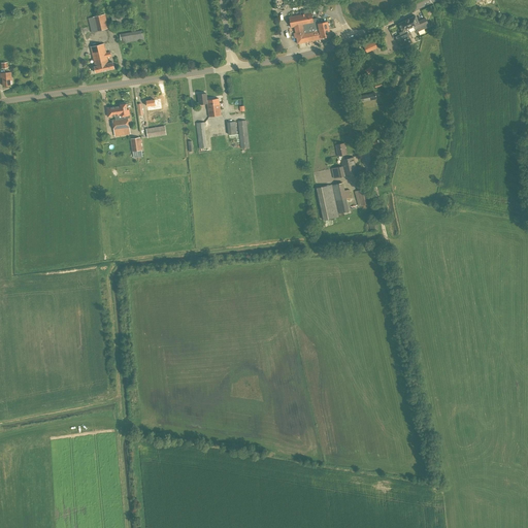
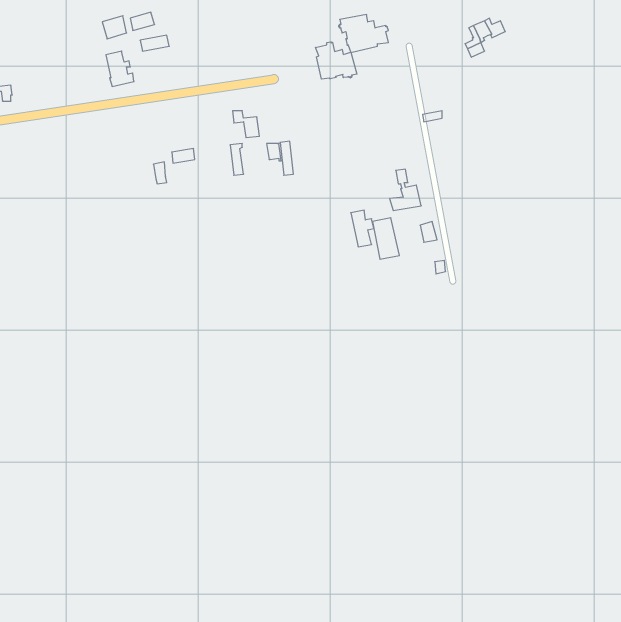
building: none -> [316,42,357,79]
building: [106,103,129,134] -> none
building: [331,183,351,213] -> [351,210,374,247]

